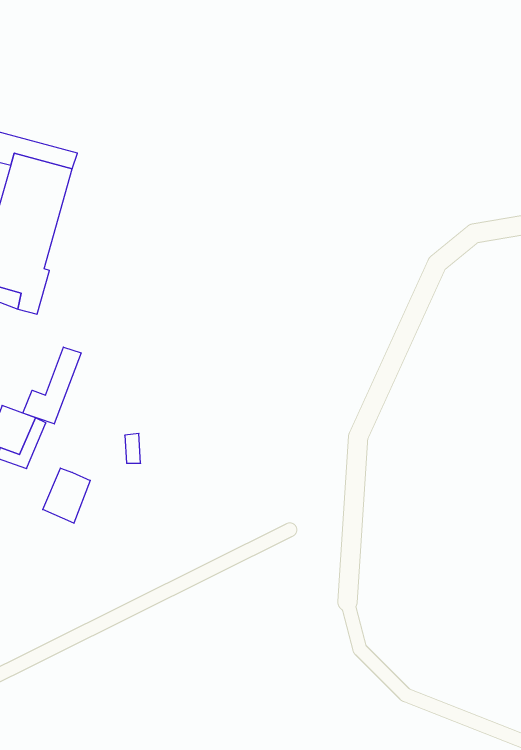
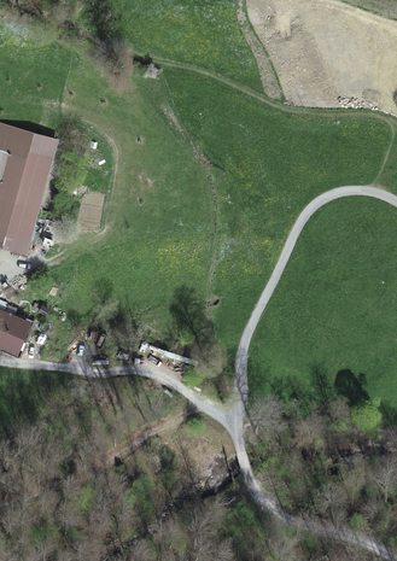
building: [23,347,81,424] -> none
building: [43,468,90,523] -> none

